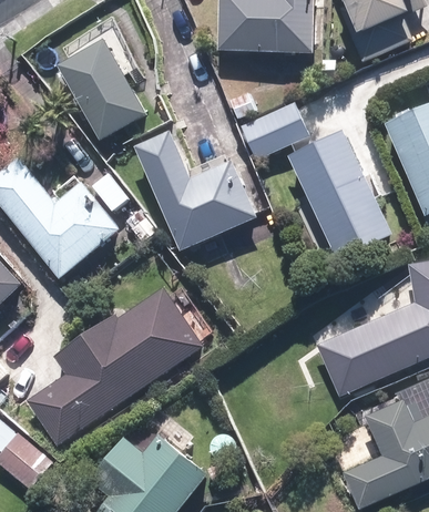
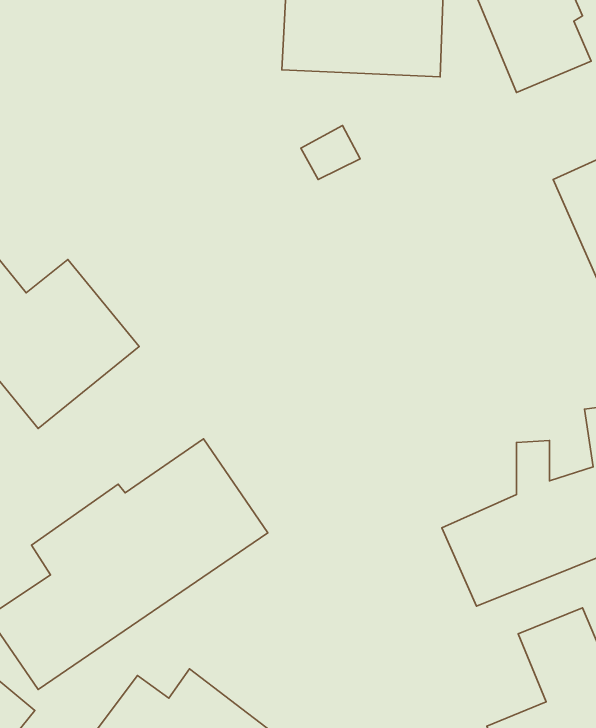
building: [57,27,149,142] -> none
building: [239,99,310,160] -> none
building: [285,125,394,260] -> none
building: [132,129,255,250] -> none

